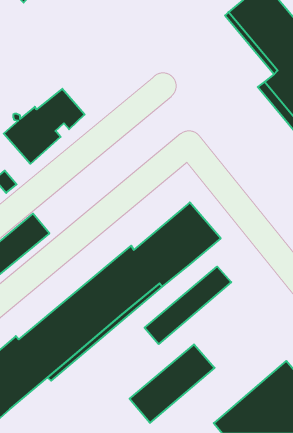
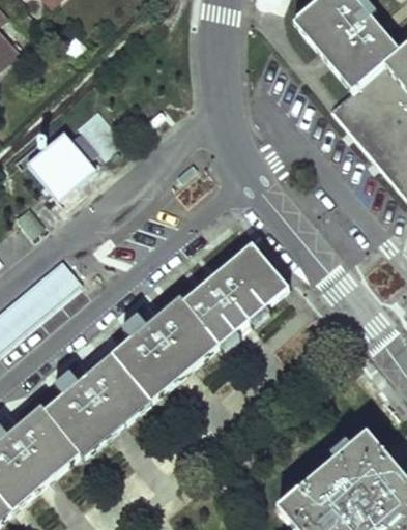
building: [145,267,231,344] -> none
building: [130,344,215,423] -> none

